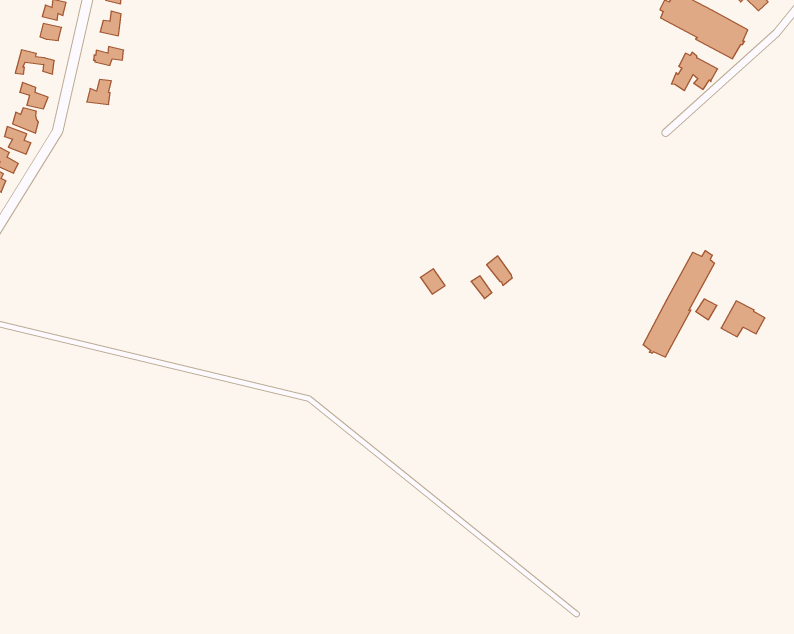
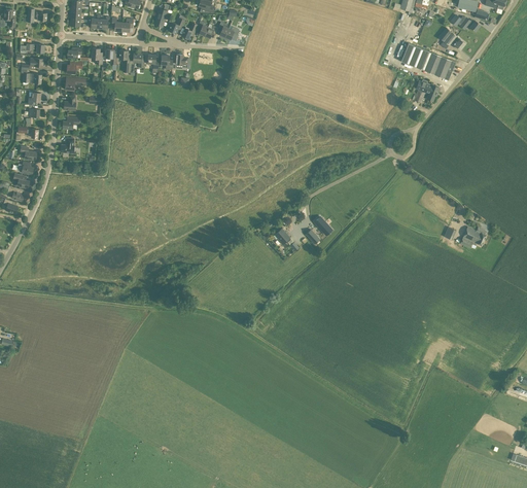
building: [643,251,714,357] -> none

